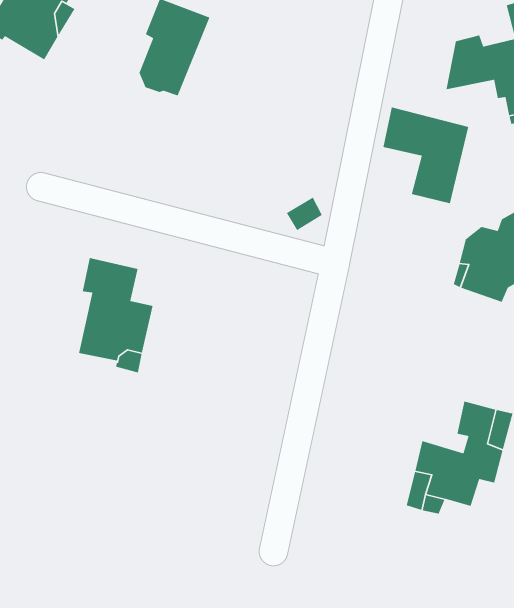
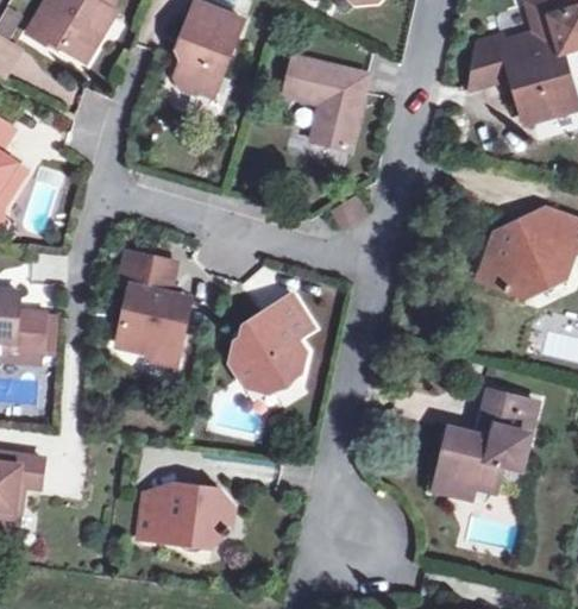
building: [382,107,469,204] -> [283,57,366,151]
building: none -> [231,294,314,391]
building: none -> [138,477,234,542]

